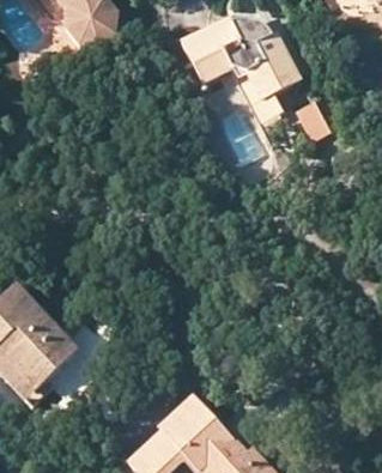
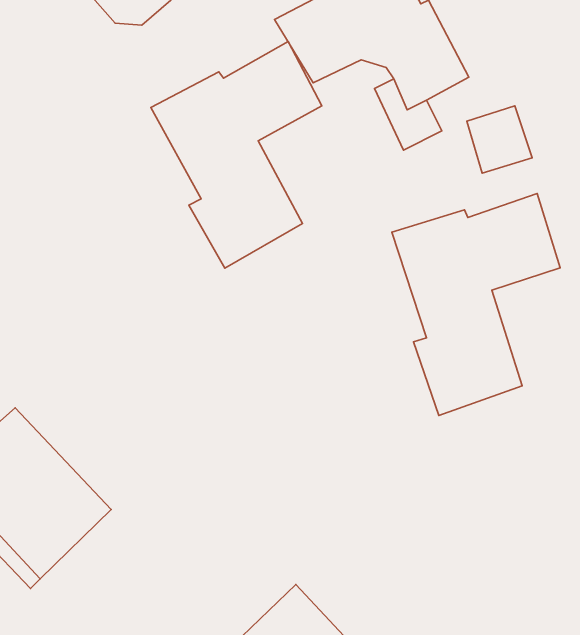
building: none -> [151,41,322,268]
building: none -> [392,193,560,415]

